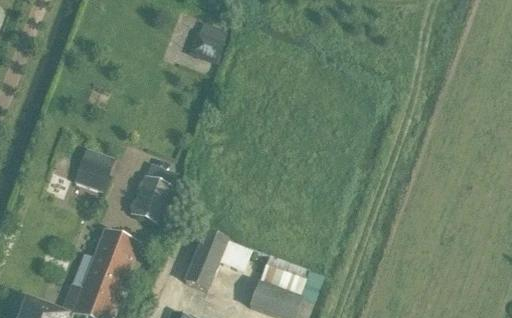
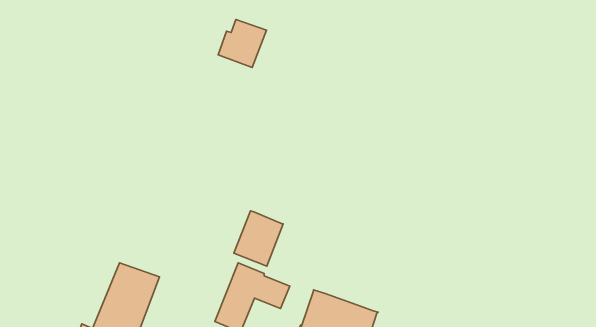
building: [75,148,115,191] -> none
building: [131,176,173,223] -> [234,211,283,266]

